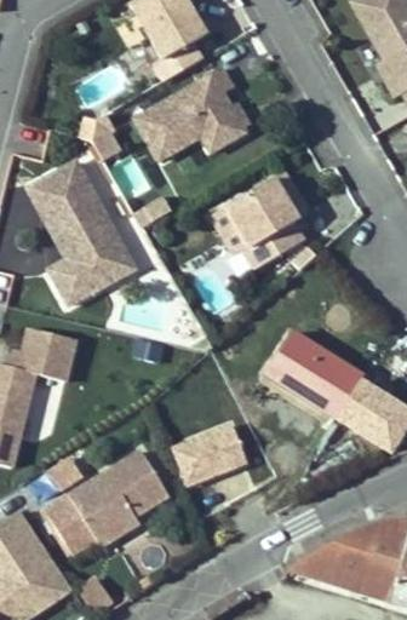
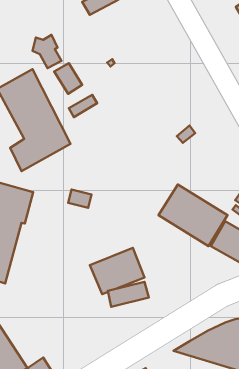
building: [137,68,254,162] -> none
building: [208,173,306,268] -> none
building: [45,450,167,556] -> none

